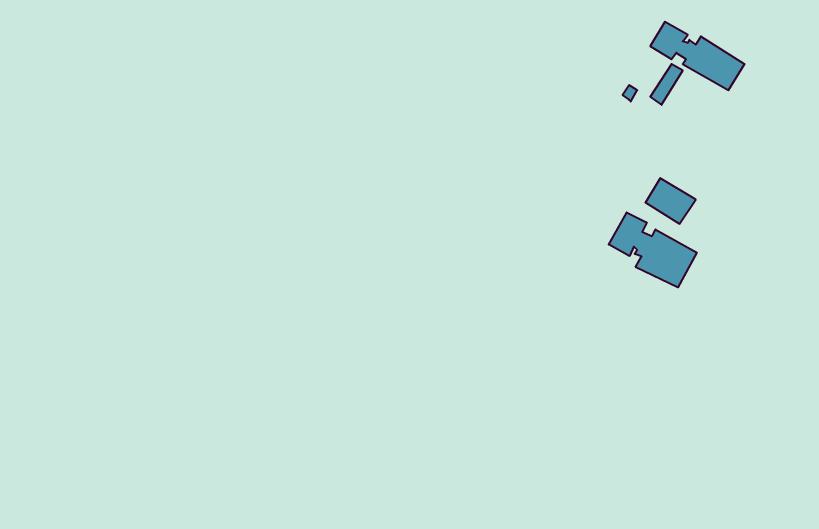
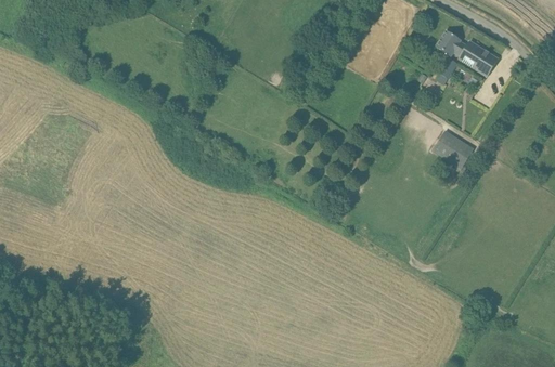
building: [609,212,697,287] -> none

